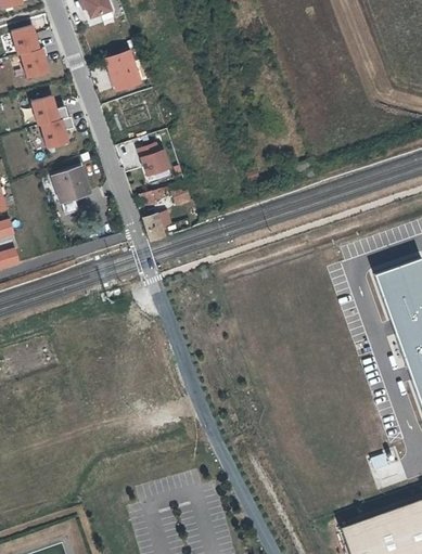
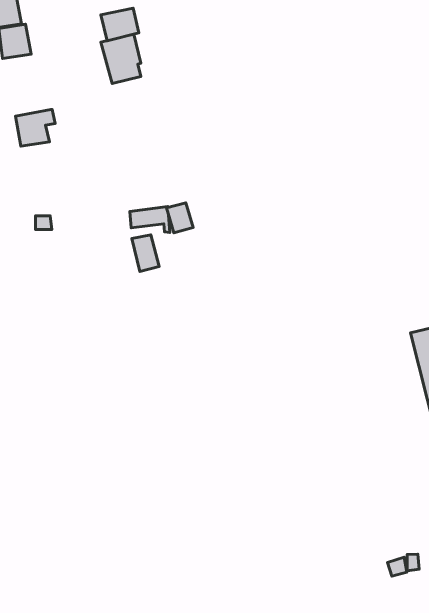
building: none -> [101,8,139,41]
building: [31,95,68,124] -> none
building: [136,141,170,178] -> none
building: [49,164,91,203] -> none

